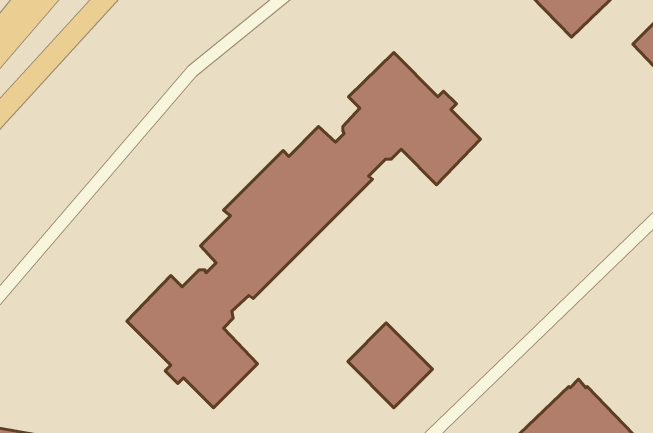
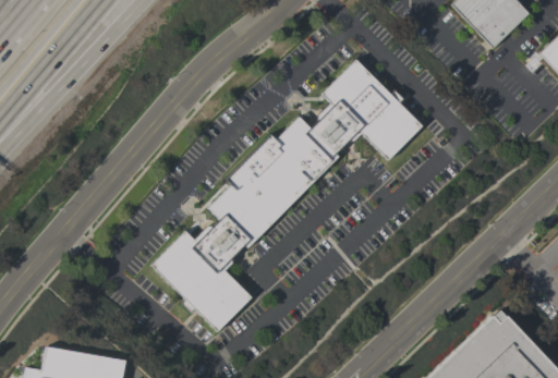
building: [348,323,433,408] -> none

